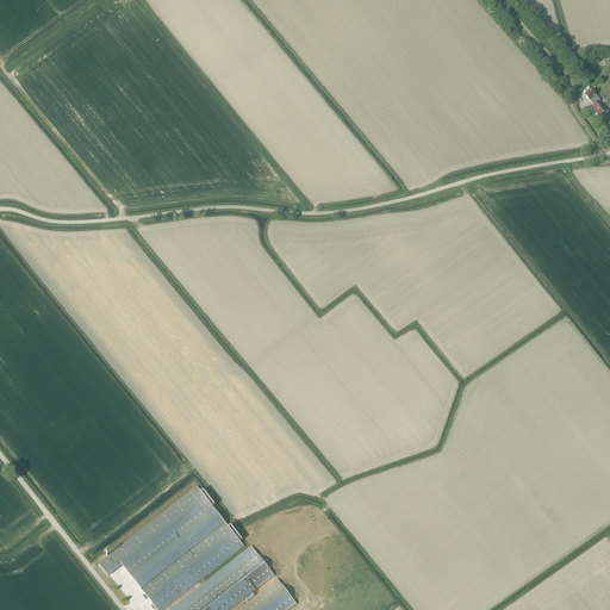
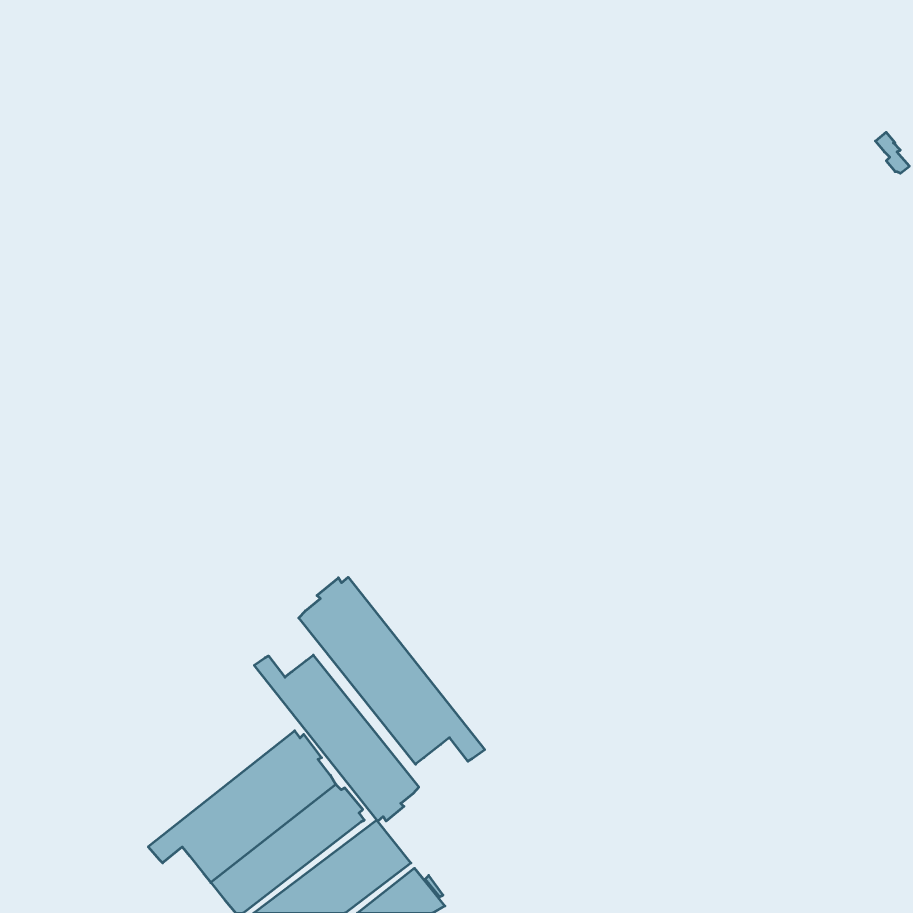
building: none -> [299,577,485,764]
building: none -> [254,655,419,821]

